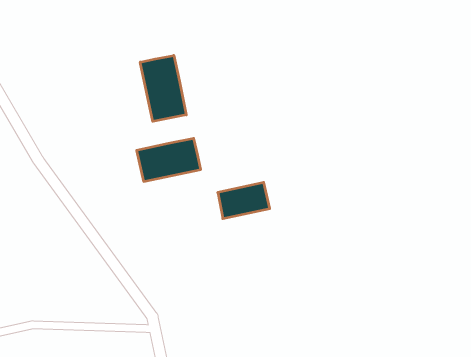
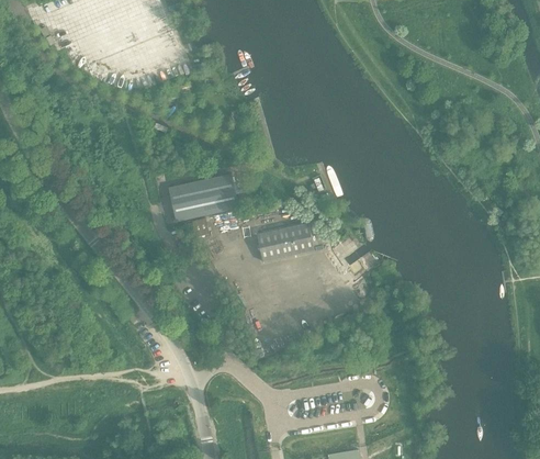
building: [140,55,186,121] -> none

